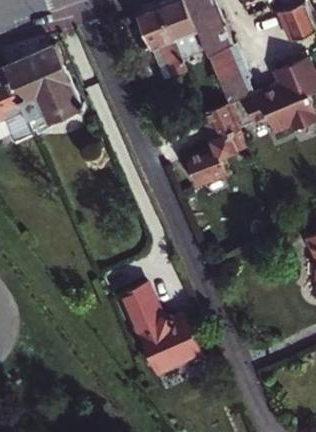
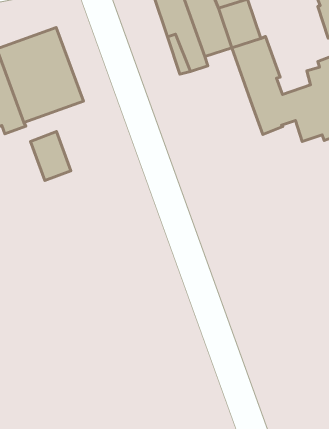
building: [187,103,249,186] -> none
building: none -> [30,132,71,181]
building: [120,283,199,374] -> none

